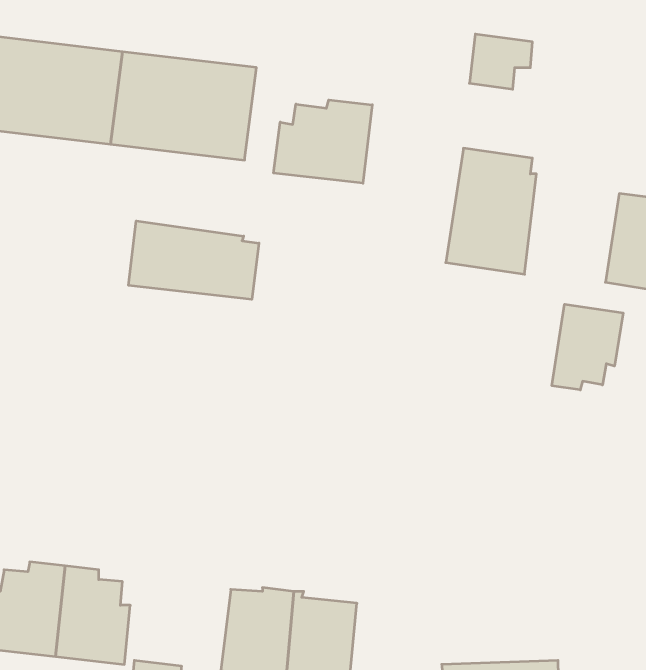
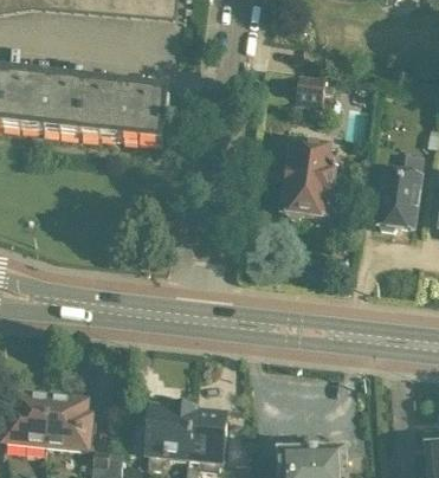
building: [274,100,372,183] -> none
building: [129,221,259,299] -> none
building: [552,304,623,390] -> none

